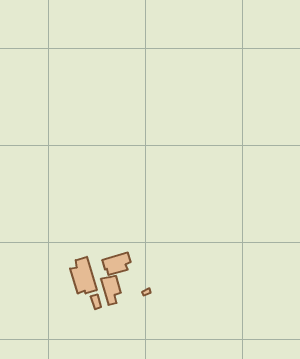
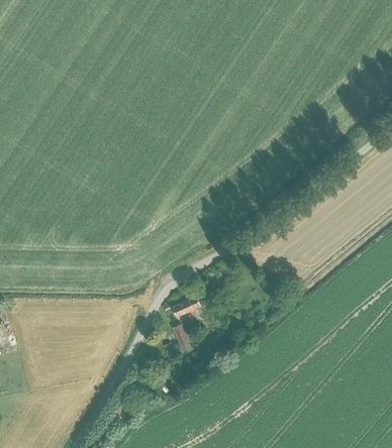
building: [70,257,97,294] -> none

